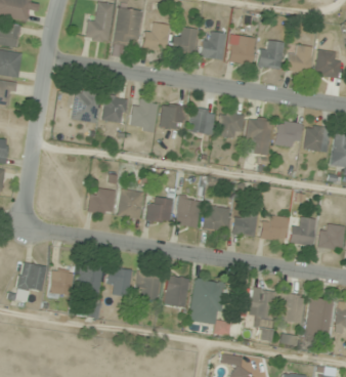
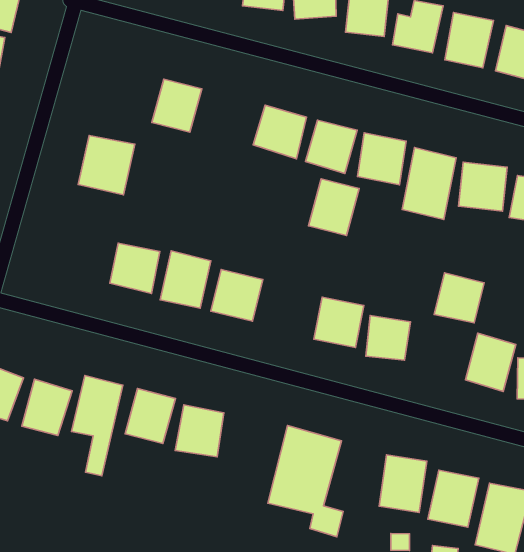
building: [72,91,100,122] -> [78,135,135,195]
building: [131,99,159,130] -> none
building: [176,198,202,227] -> [308,179,359,236]
building: [262,214,288,240] -> [434,273,484,323]
building: [165,276,188,305] -> none

